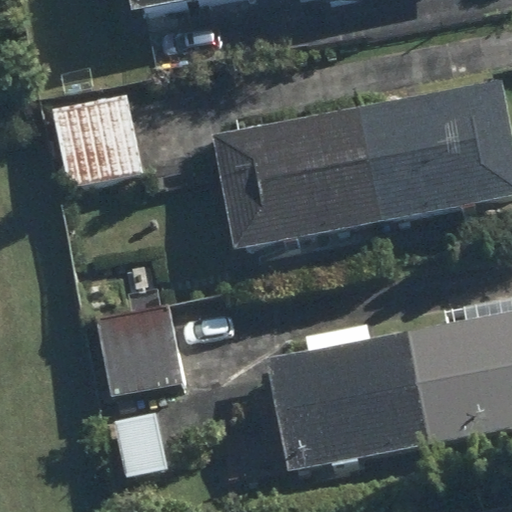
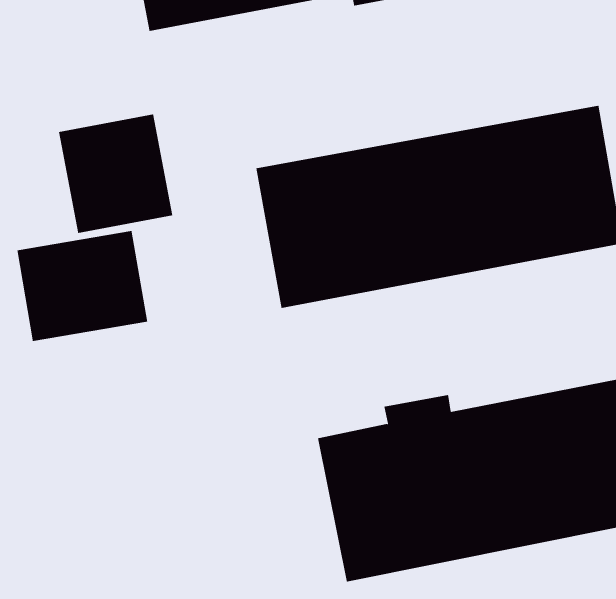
building: none -> [17,230,148,342]
building: [92,302,189,404] -> none

